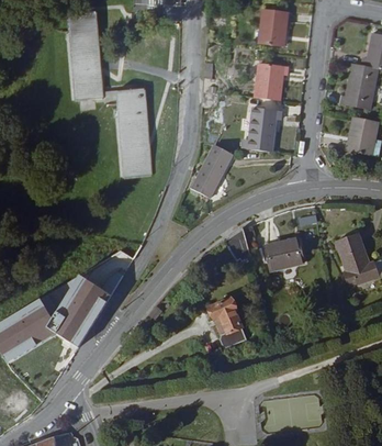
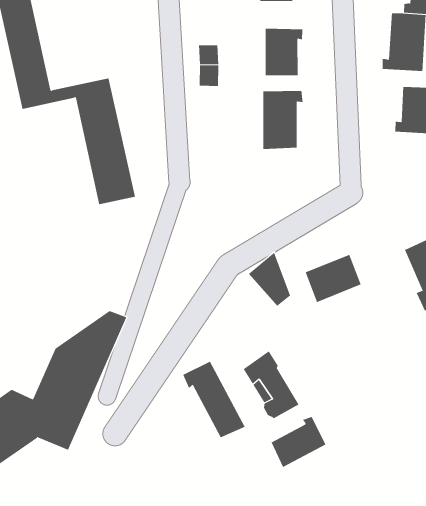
building: [191,148,232,201] -> none
building: none -> [183,361,245,438]
building: none -> [271,416,326,468]

